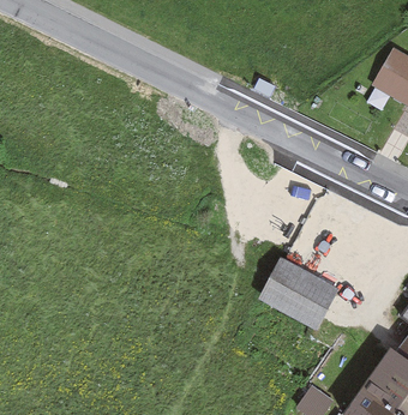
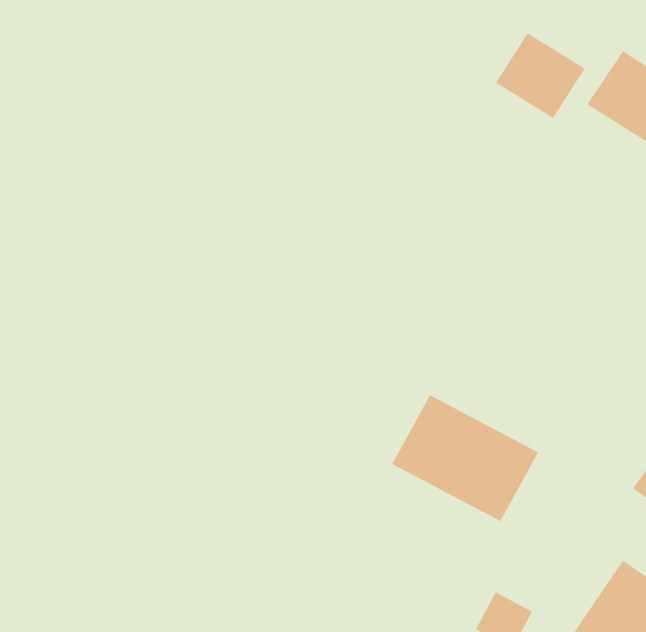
building: none -> [495,32,586,119]

